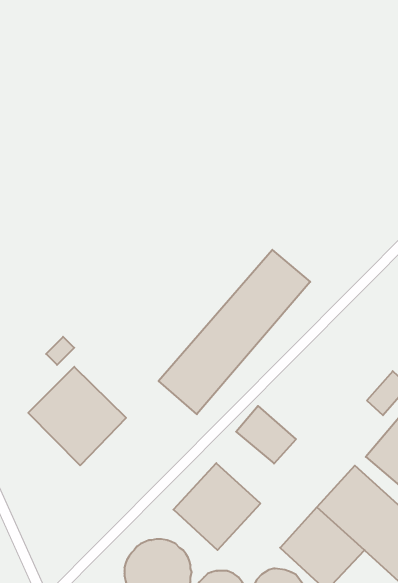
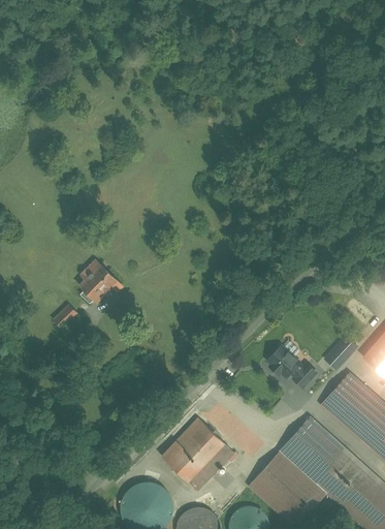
building: [159,250,310,414] -> none
building: none -> [76,264,122,308]
building: [28,367,126,465] -> none
building: [236,406,296,464] -> [264,342,315,391]

